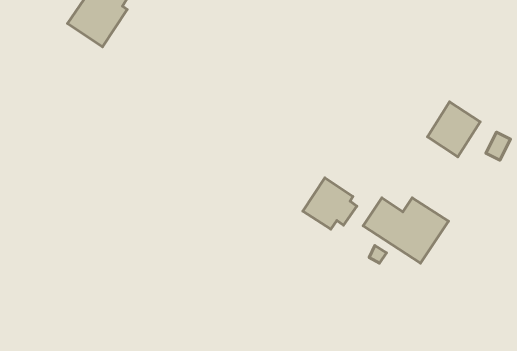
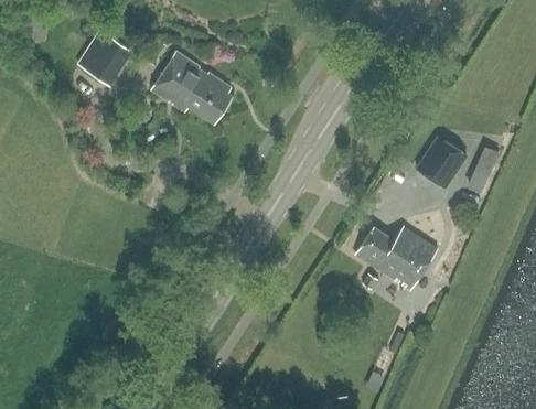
building: none -> [153,54,232,123]
building: [303,178,357,229] -> none

